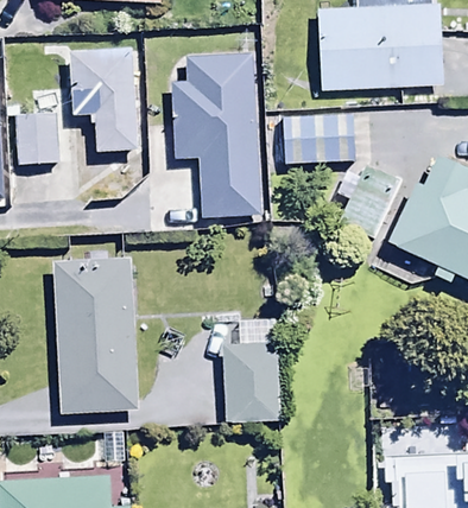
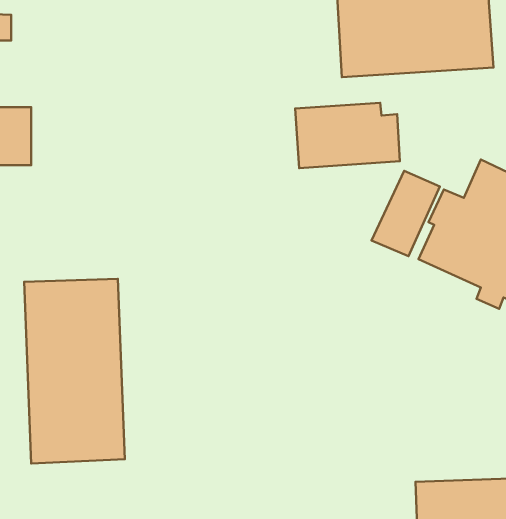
building: [71,49,140,152] -> none
building: [169,55,261,217] -> none
building: [222,318,283,423] -> none

